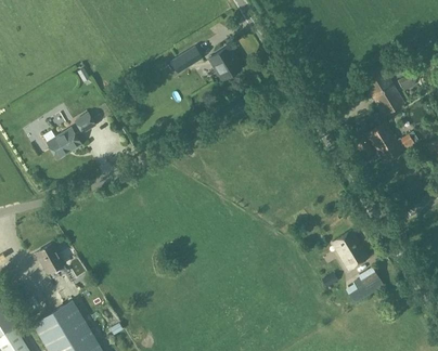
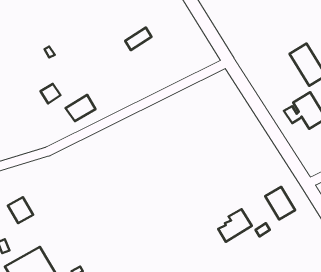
building: [206,47,242,81] -> none
building: [46,128,80,158] -> [65,95,96,121]
building: [345,265,384,303] -> [218,209,252,242]

